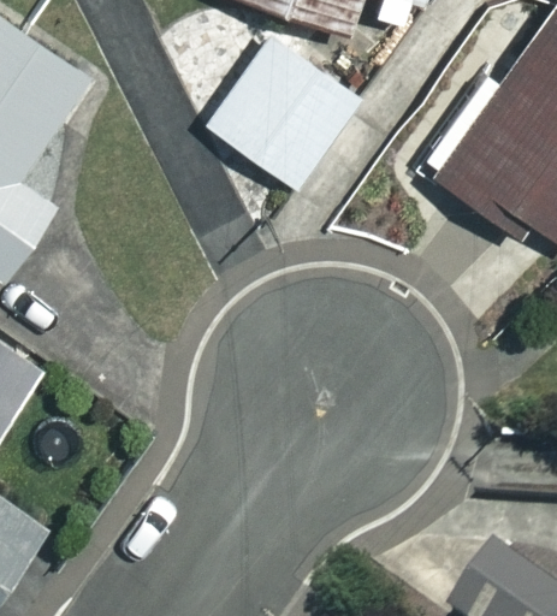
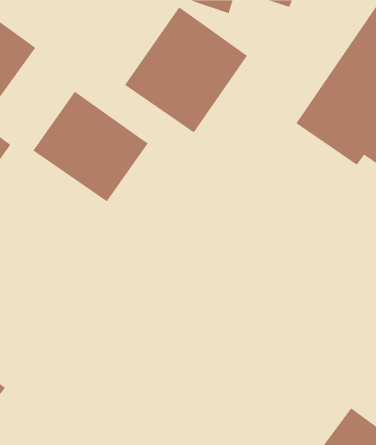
building: none -> [33,91,149,202]

